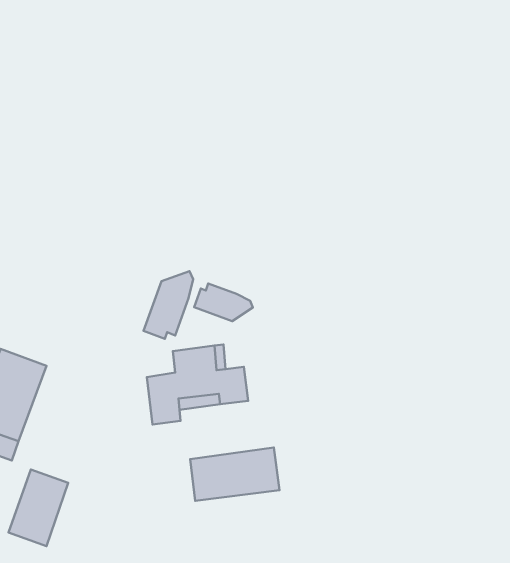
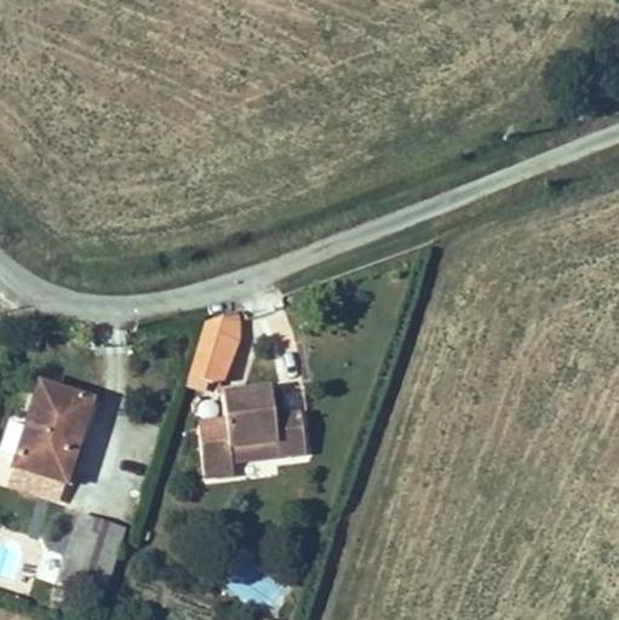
building: [194,284,253,321] -> none
building: [190,448,280,501] -> none

